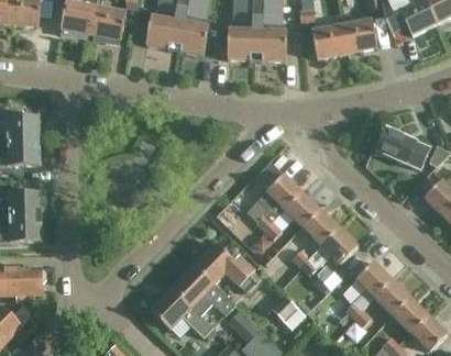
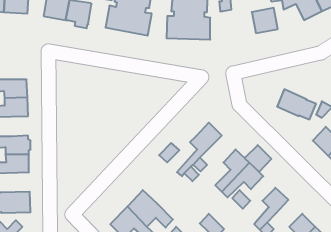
building: [311,23,348,58] -> none
building: [284,190,320,226] -> [245,145,271,172]
building: [195,242,261,292] -> none
building: [374,277,410,313] -> none

